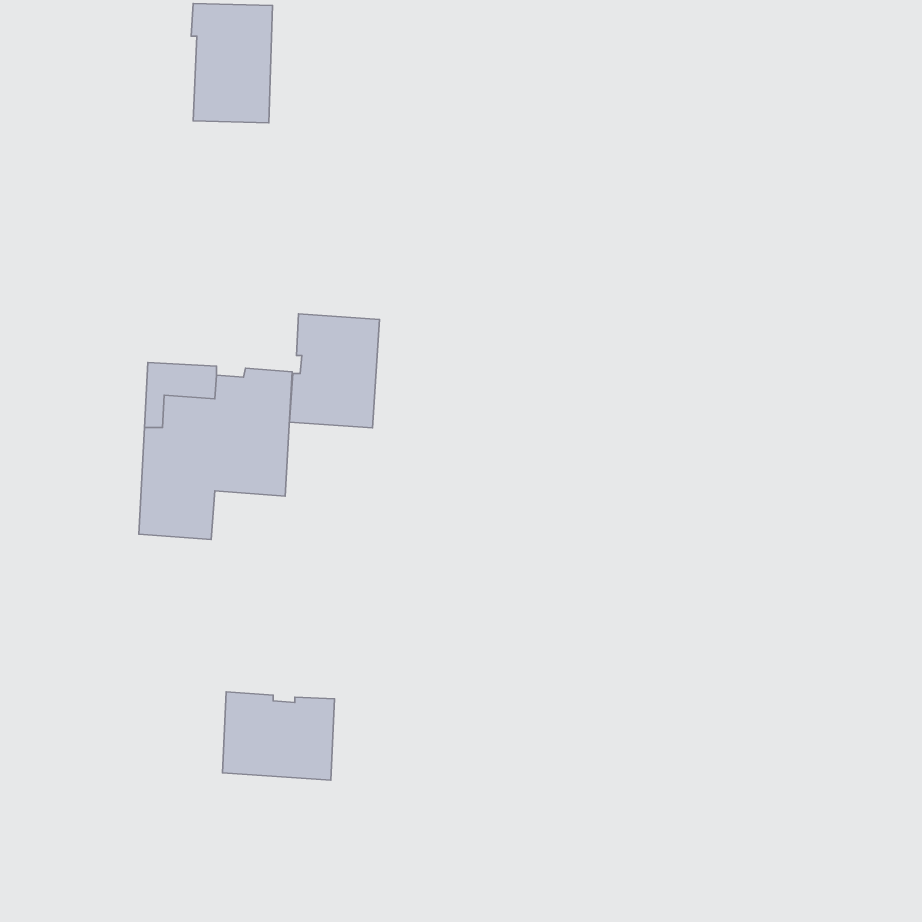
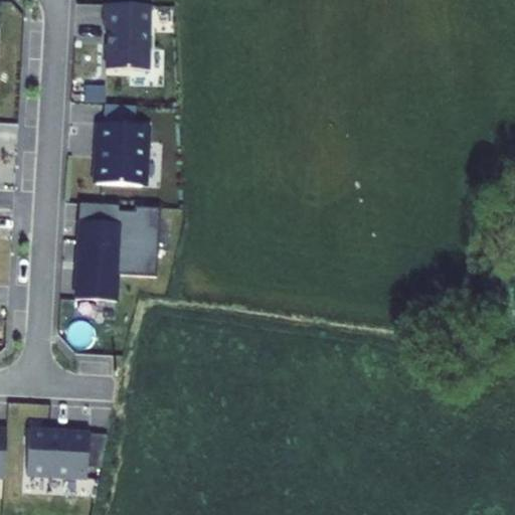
building: [289,314,380,428] -> [98,122,148,185]
building: [223,692,334,780] -> [25,428,88,478]

